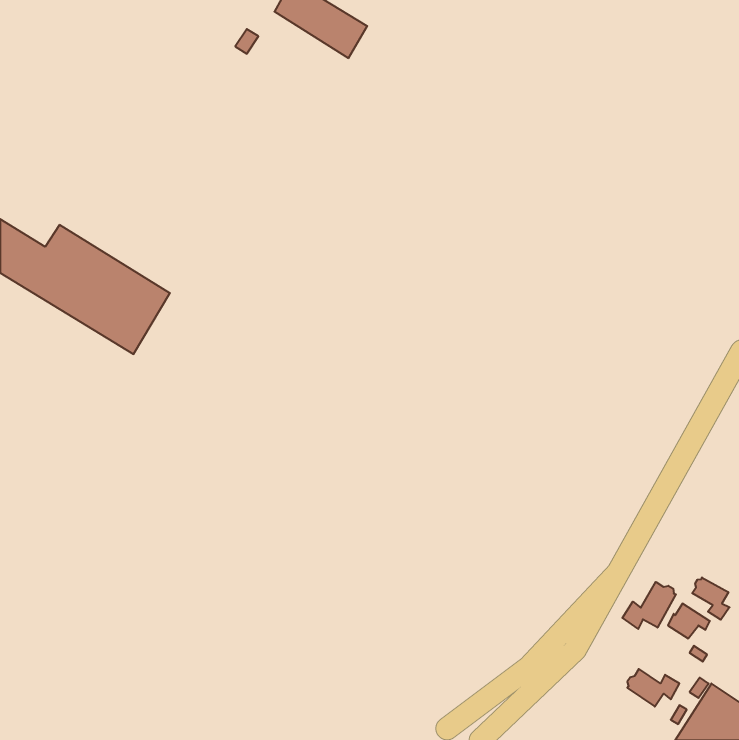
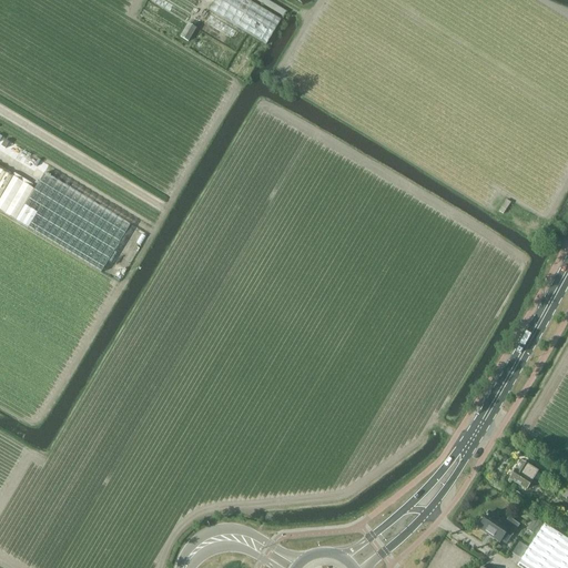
building: [692,577,730,620] -> none
building: [622,582,676,629] -> none

